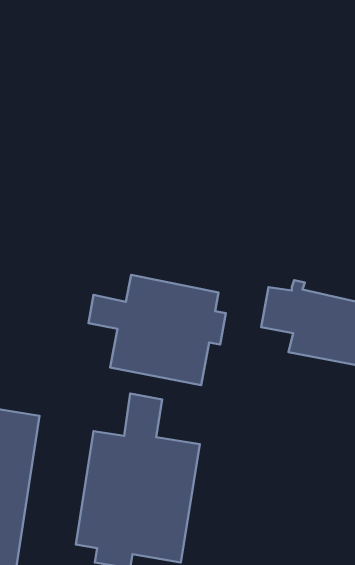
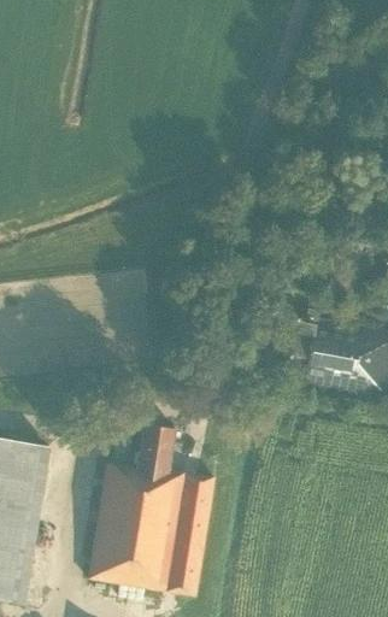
building: [88,275,226,385] -> none

